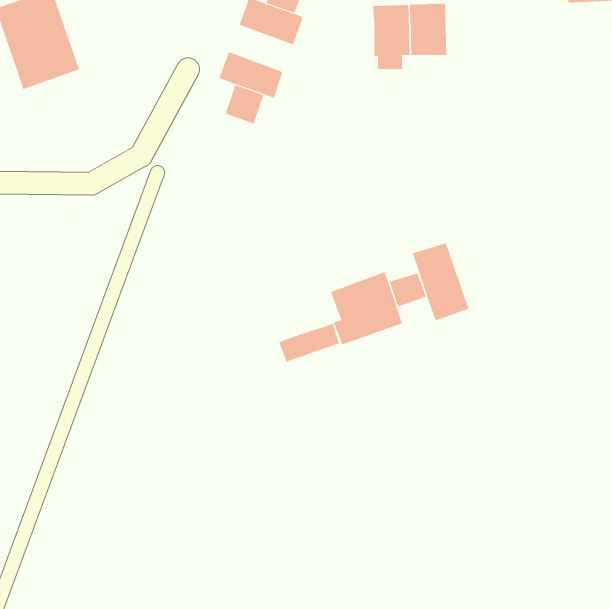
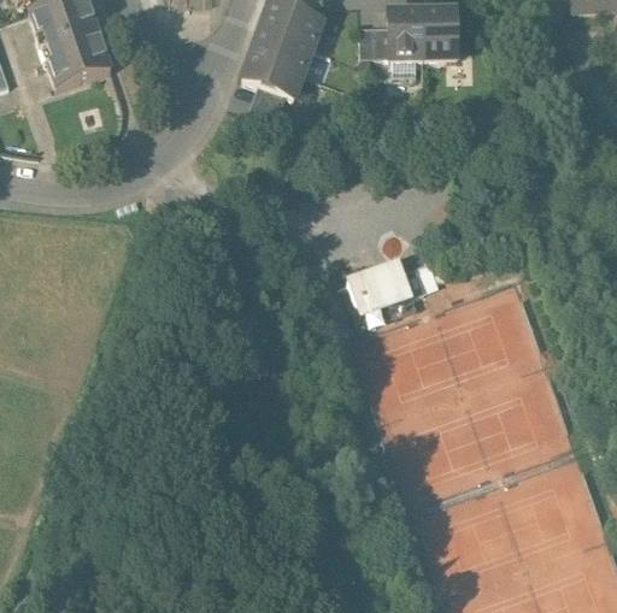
building: none -> [360,22,389,52]
building: none -> [252,24,313,69]
building: [412,242,469,321] -> none
building: [279,323,339,363] -> none

